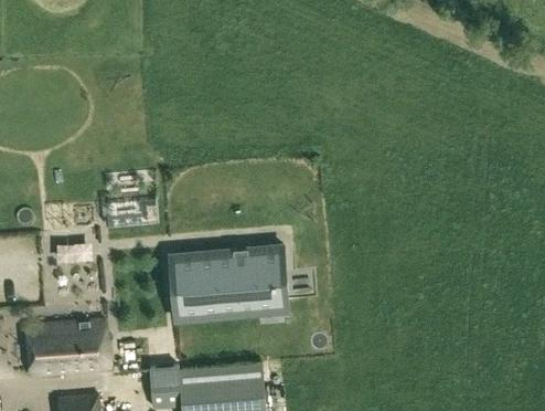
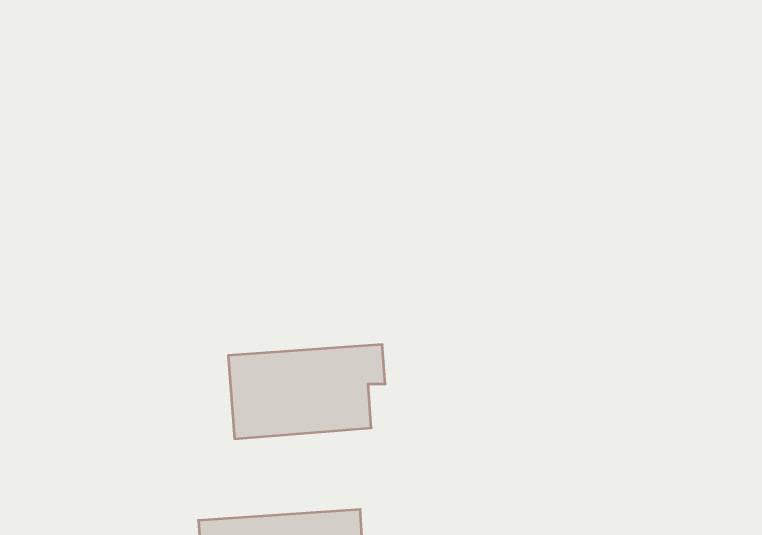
building: [29,319,113,373] -> none

